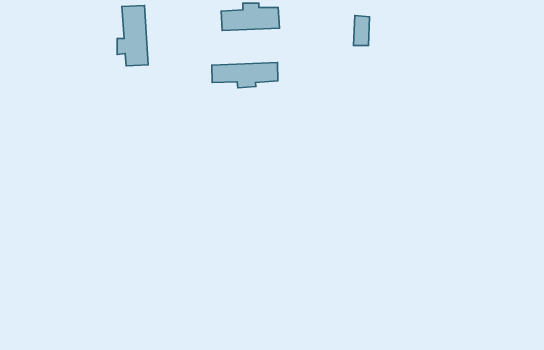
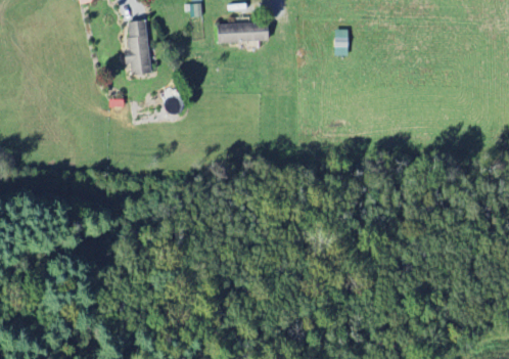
building: [212,62,278,88] -> none

